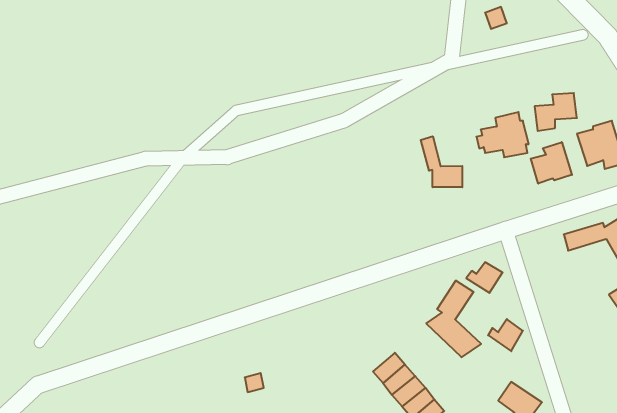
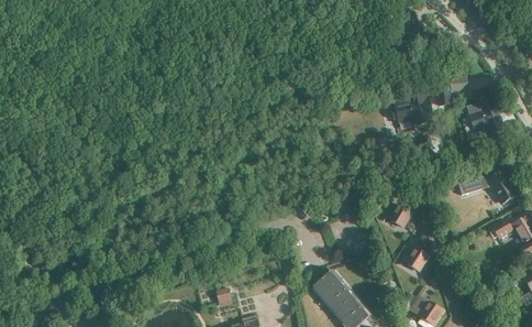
building: [421,136,462,187] -> none
building: [531,142,572,184] -> none
building: [426,280,481,357] -> none

